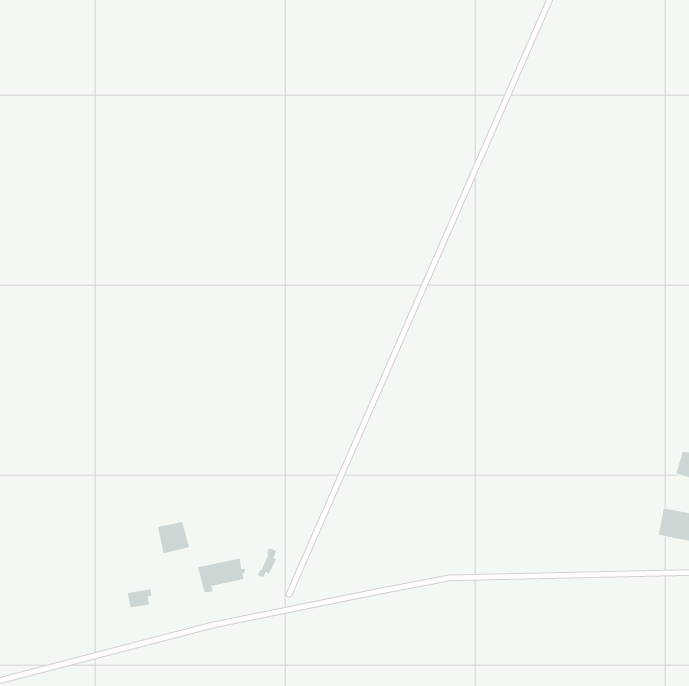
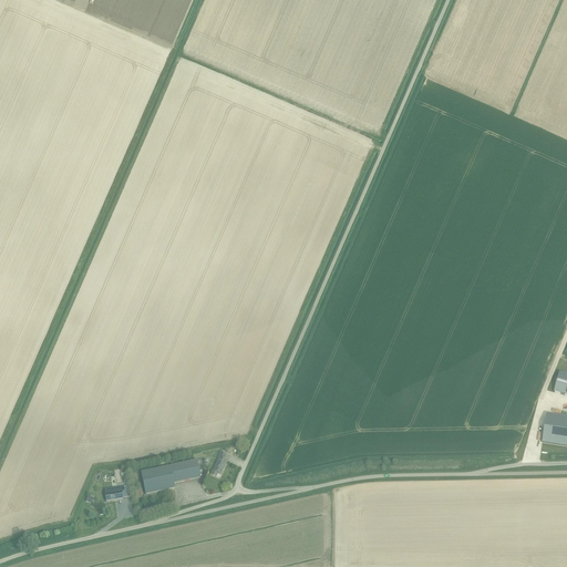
building: [157,521,190,554] -> [142,465,168,492]

